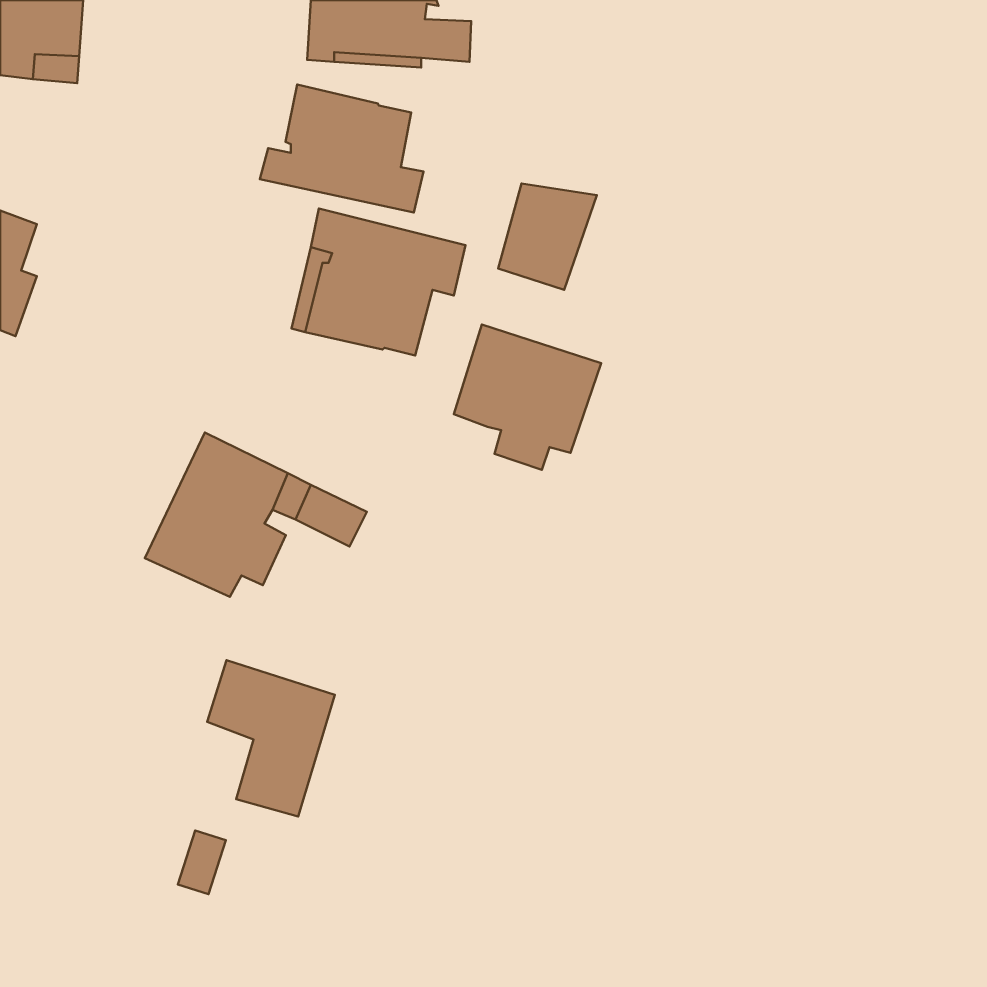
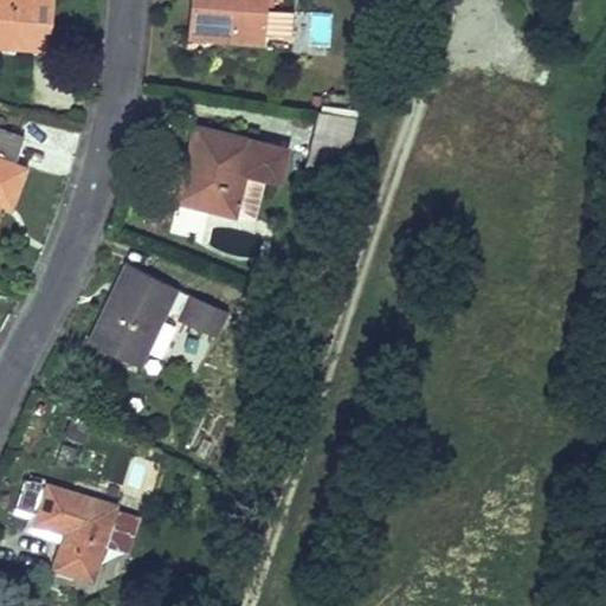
building: [260,84,423,213] -> none
building: [454,325,601,470] -> none
building: [207,660,335,817] -> [36,485,114,581]

